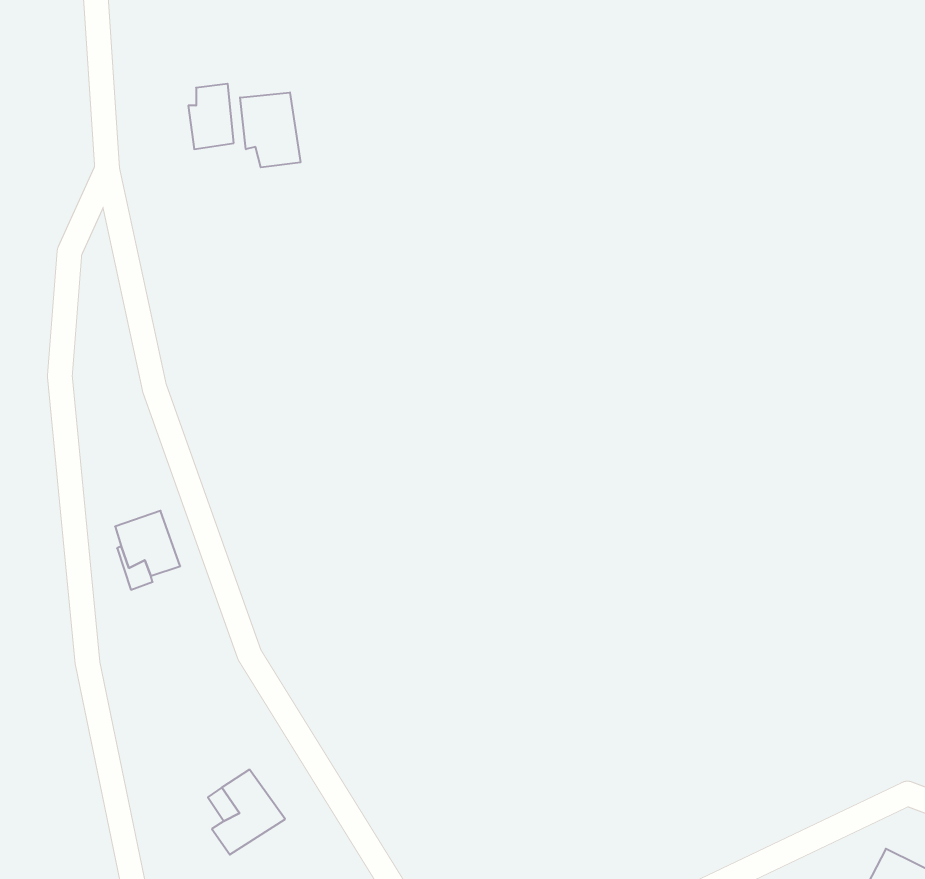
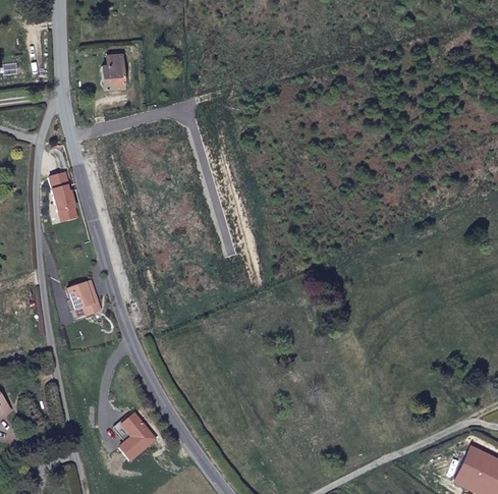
building: [240,92,300,167] -> none
building: none -> [52,180,78,226]

